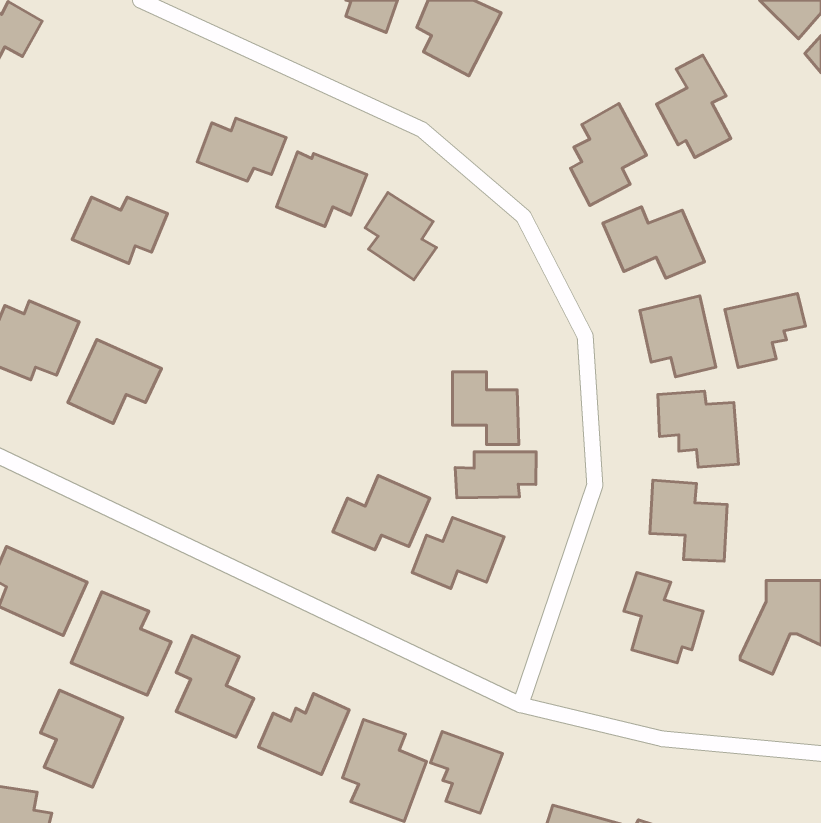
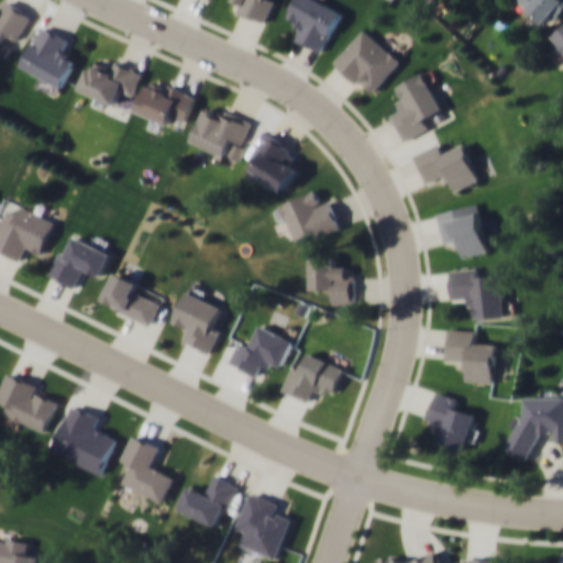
building: none -> [18,26,75,89]
building: none -> [332,29,400,96]
building: [657,55,731,157] -> none
building: [72,197,168,264] -> [77,62,142,107]
building: none -> [277,191,339,244]
building: [725,294,806,367] -> none
building: none -> [100,272,158,325]
building: none -> [170,290,219,353]
building: [455,452,536,498] -> none
building: [40,690,123,787] -> none
building: [430,732,503,813] -> none

